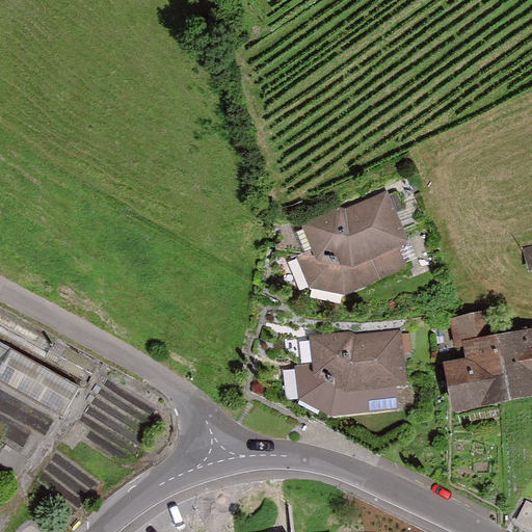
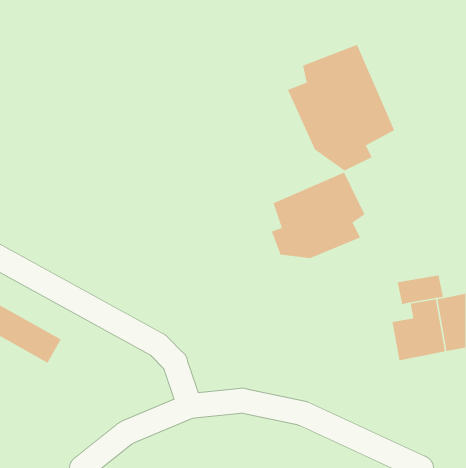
building: none -> [287,44,395,171]
building: [292,329,399,411] -> none

